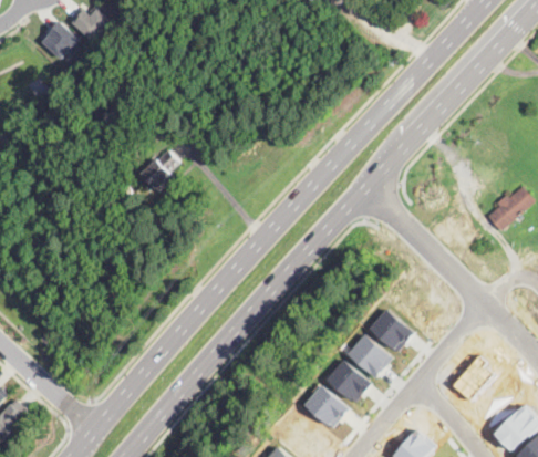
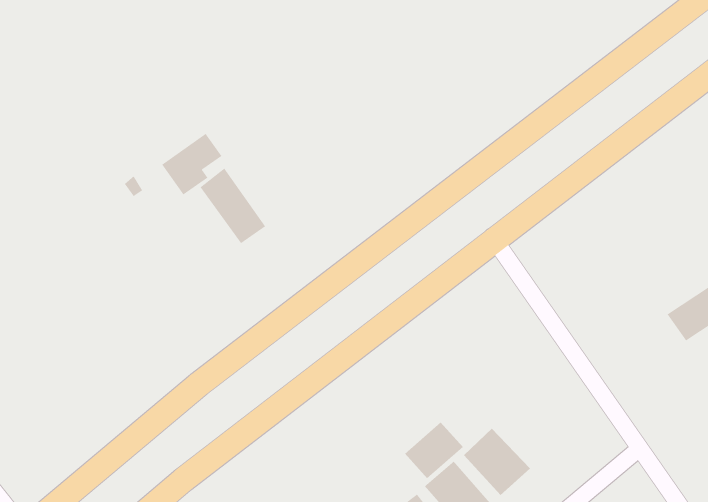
building: none -> [199,168,266,244]
building: none -> [404,421,464,479]

